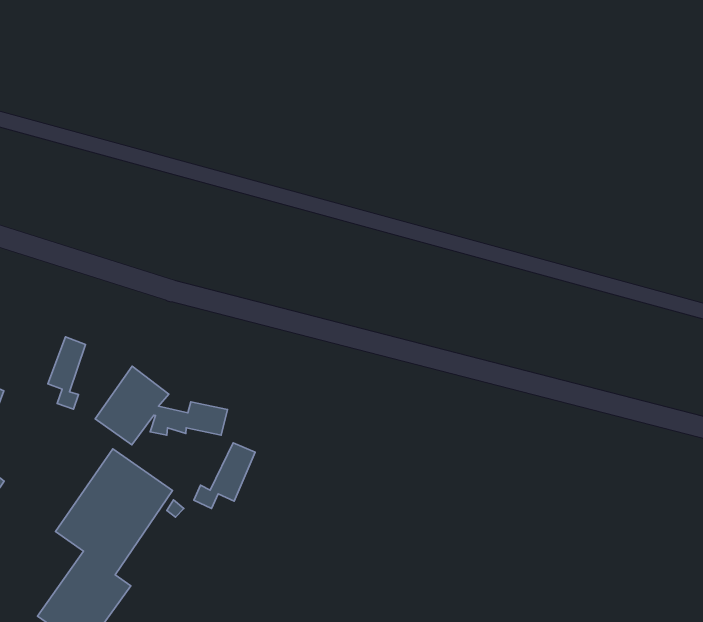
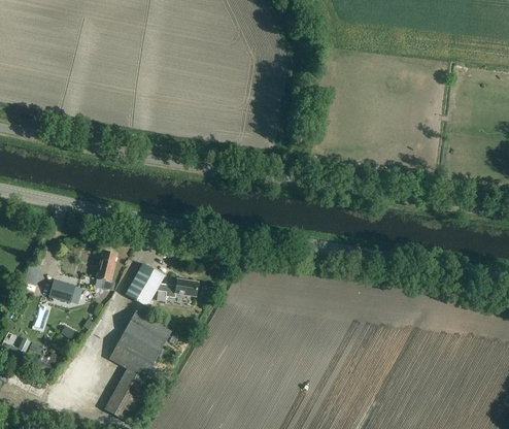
building: [194,443,255,509] -> none

